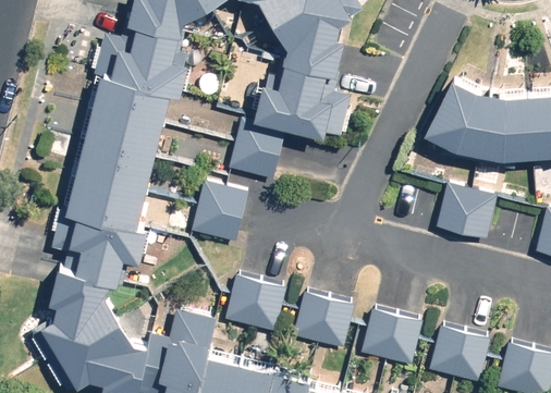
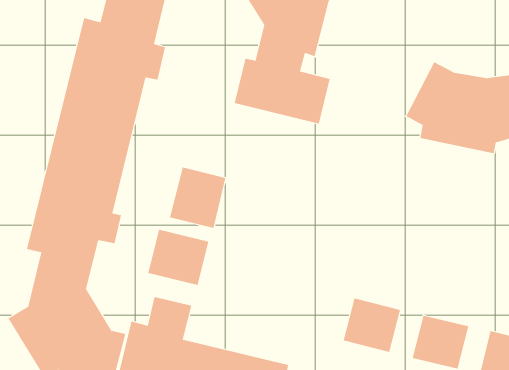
building: [230,119,285,180] -> none
building: [436,183,497,238] -> none
building: [225,277,286,332] -> [148,229,209,285]
building: [294,294,353,349] -> none

